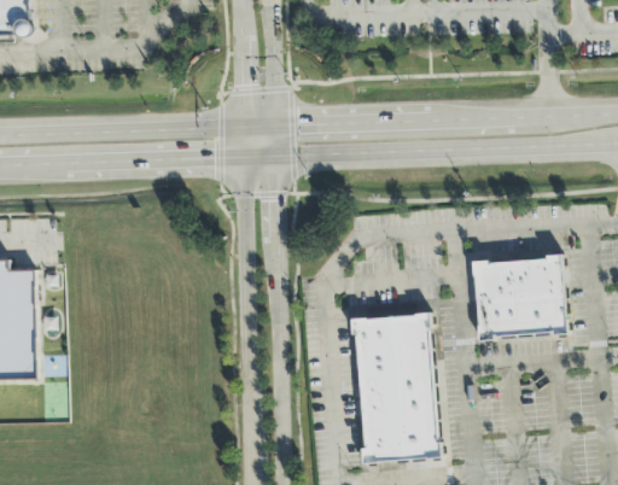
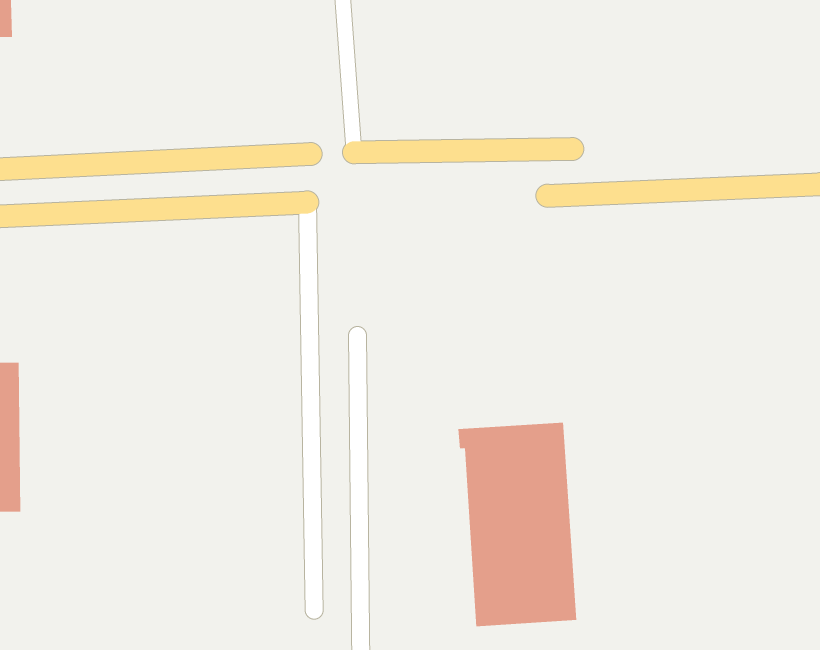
building: [473,255,566,335] -> none

